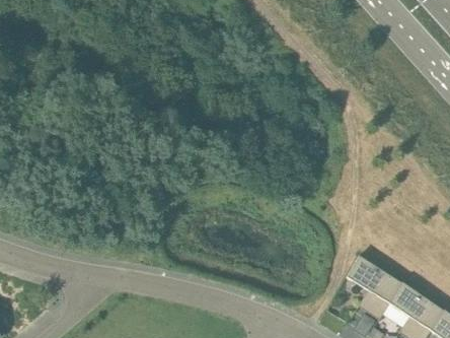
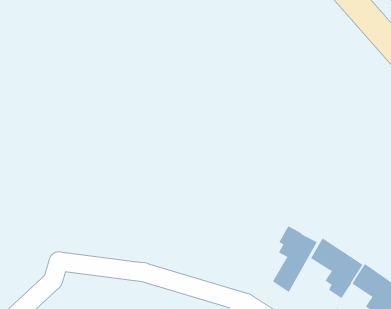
building: none -> [272,226,319,293]

